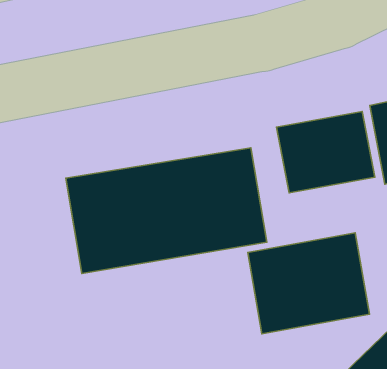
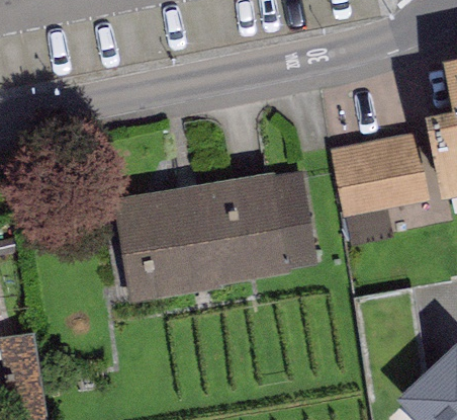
building: [248,233,369,334] -> none

